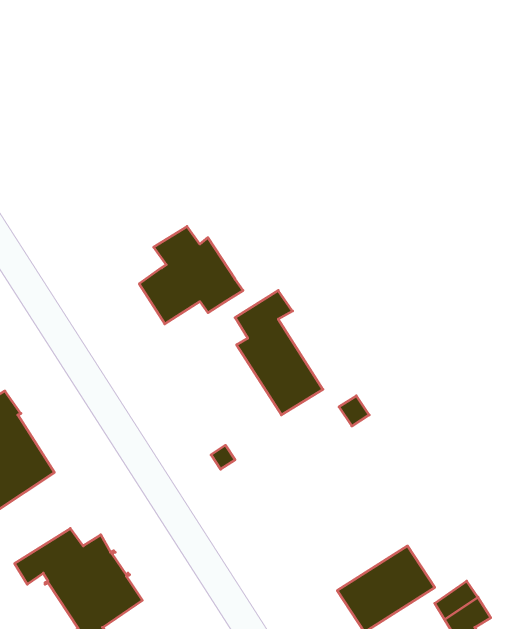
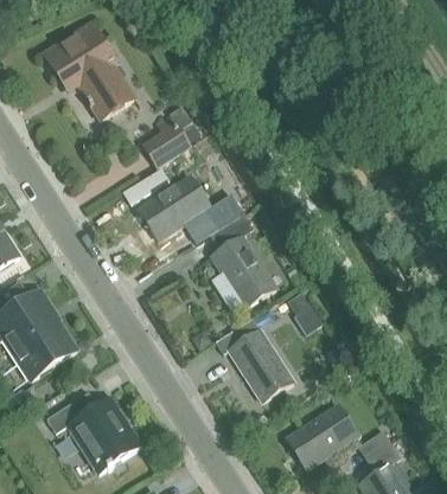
building: none -> [44,25,136,121]
building: none -> [145,117,189,165]
building: none -> [203,194,242,236]
building: none -> [216,326,293,400]

